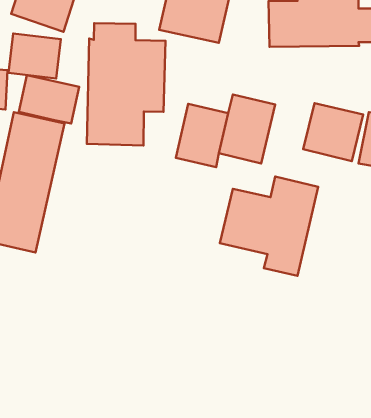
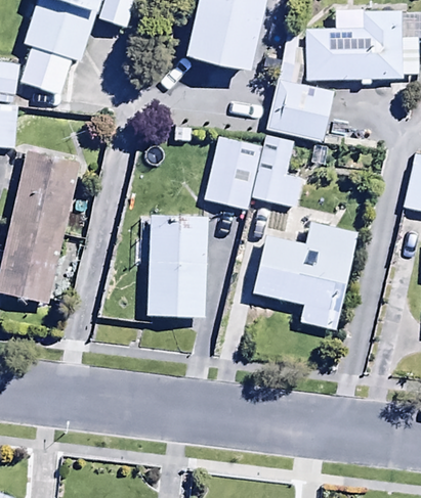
building: [87,23,165,146] -> none
building: [19,75,79,124] -> none
building: [303,103,363,161] -> [266,77,332,140]
building: none -> [135,216,208,319]

